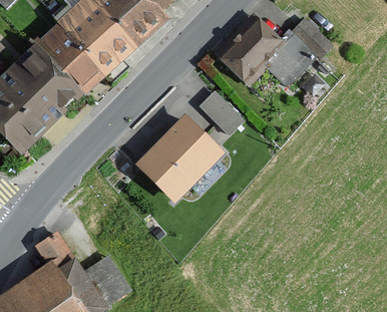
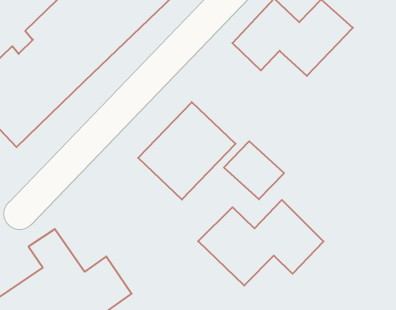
building: [191,86,247,139] -> [224,141,284,199]
building: none -> [198,200,324,286]

